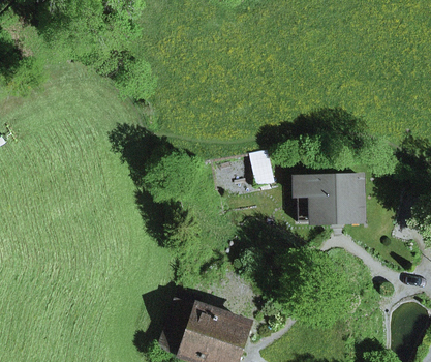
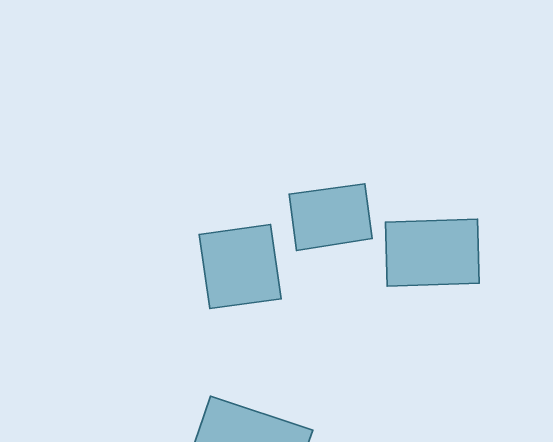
building: none -> [199,225,281,309]

